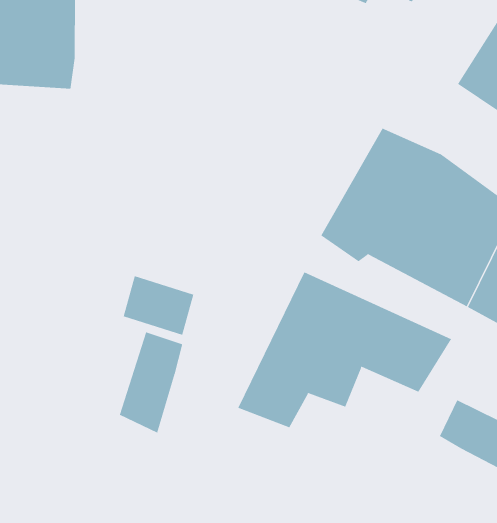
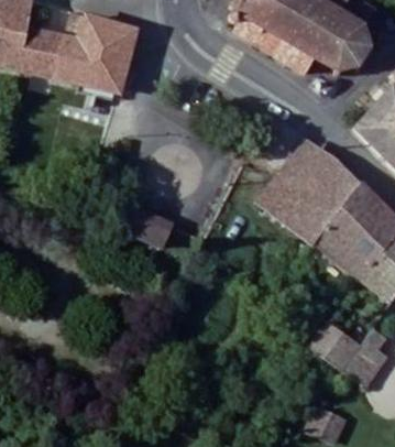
building: [238,272,452,428] -> none
building: [119,332,183,434] -> none

